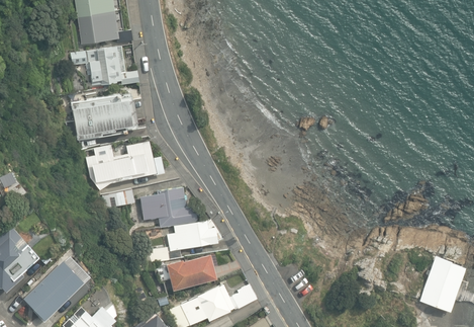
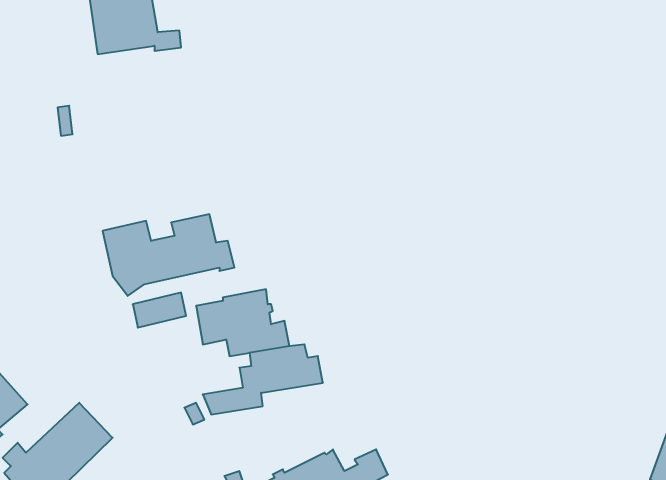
building: [71,47,138,85] -> none
building: [70,93,135,141] -> none
building: [167,253,216,290] -> none

